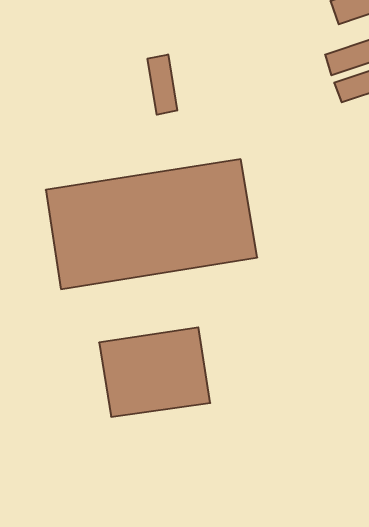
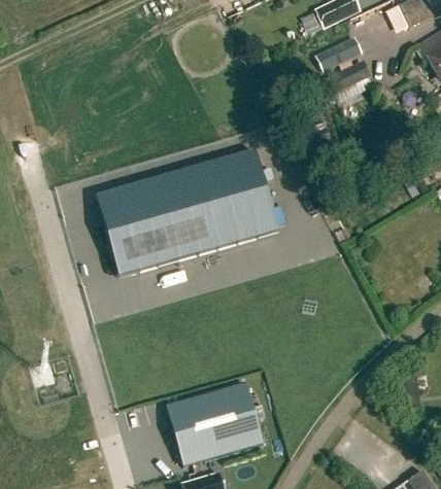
building: [148,54,177,115] -> none
building: [99,327,210,417] -> [166,382,265,465]

